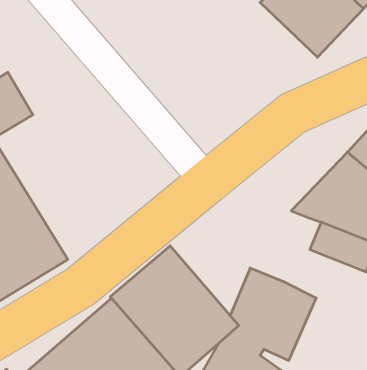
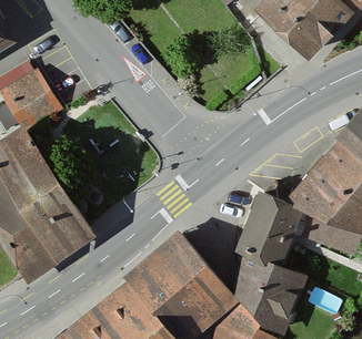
building: none -> [235,184,303,259]

